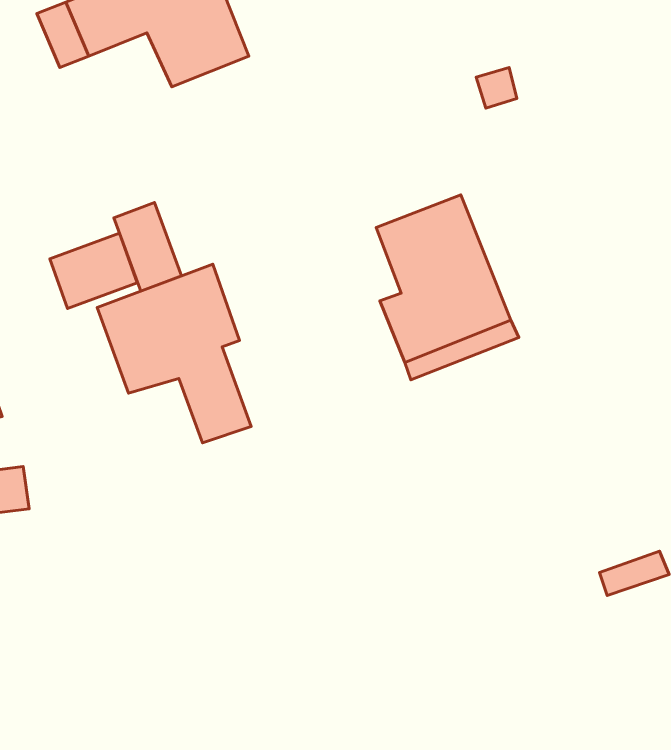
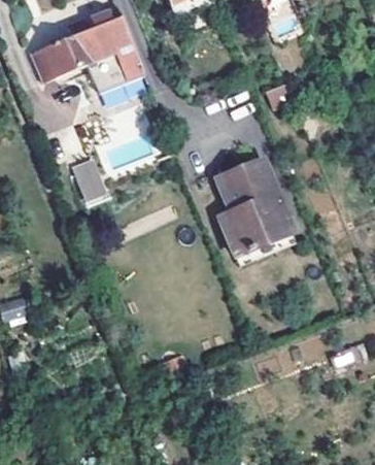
building: [50,233,137,308] -> none
building: [97,264,251,443] -> none

